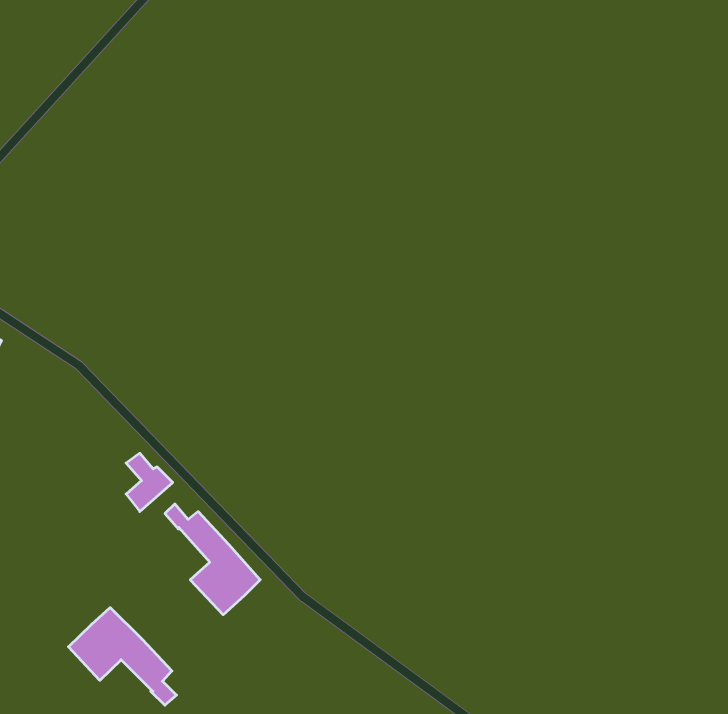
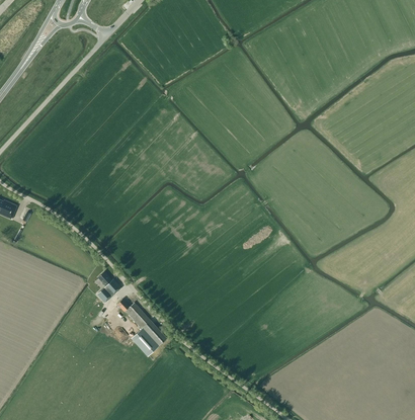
building: [68,608,177,705] -> none

